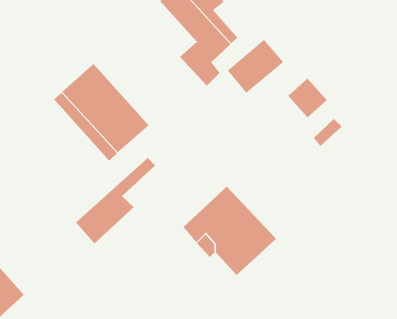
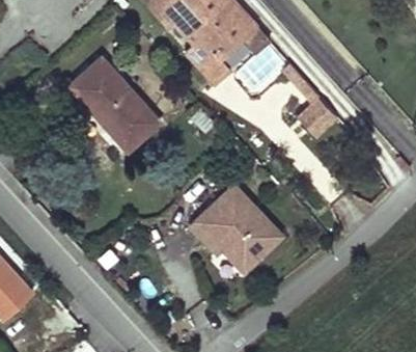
building: [75,157,156,245] -> none

